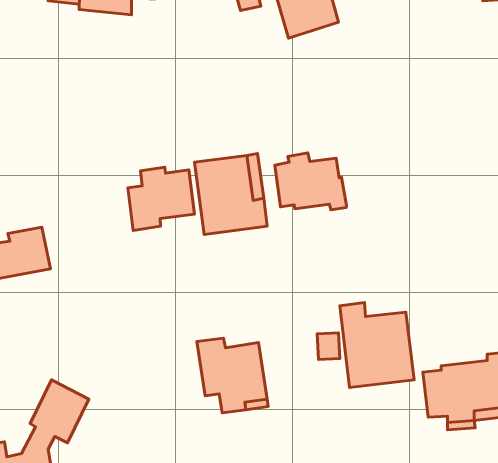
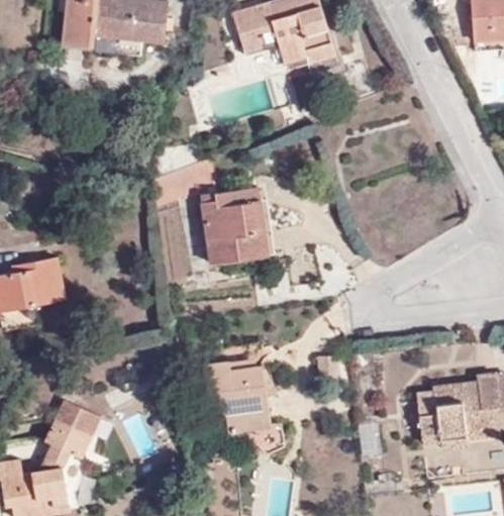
building: [275,153,346,210] -> none
building: [128,167,195,230] -> none
building: [340,302,414,388] -> none

